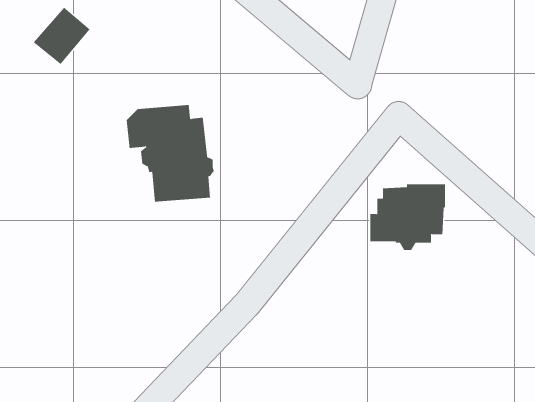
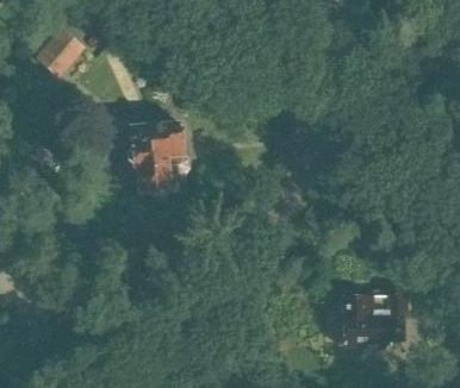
building: [370,184,446,250] -> [331,295,396,351]

